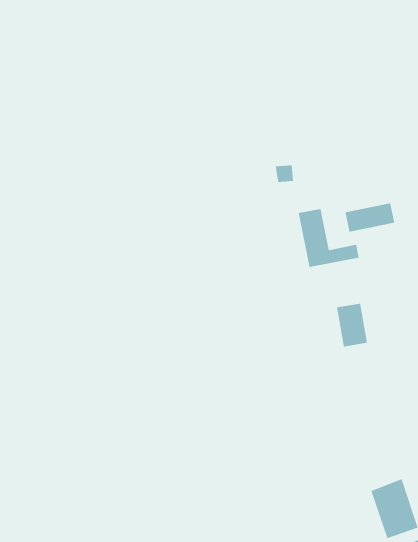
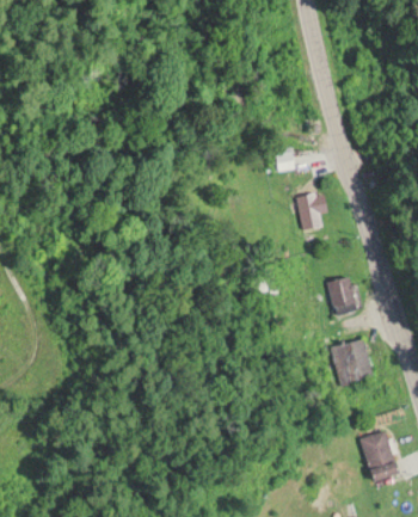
building: [345,203,395,232] -> none
building: none -> [330,339,373,386]

